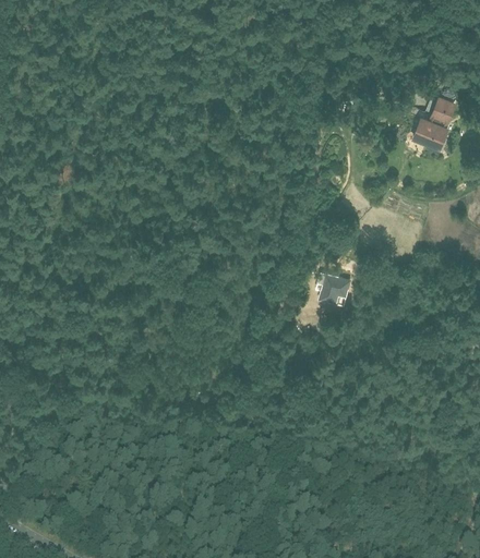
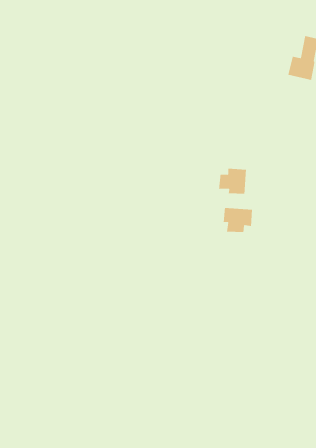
building: none -> [219,168,247,195]

